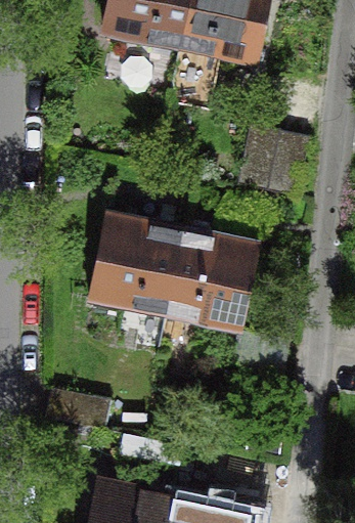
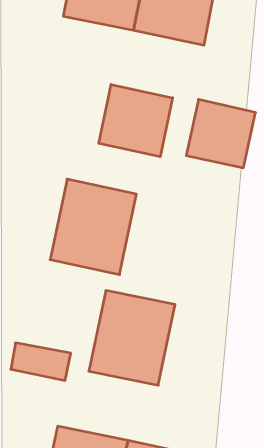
building: none -> [99,84,173,157]
building: [165,226,259,330] -> [89,291,175,385]

